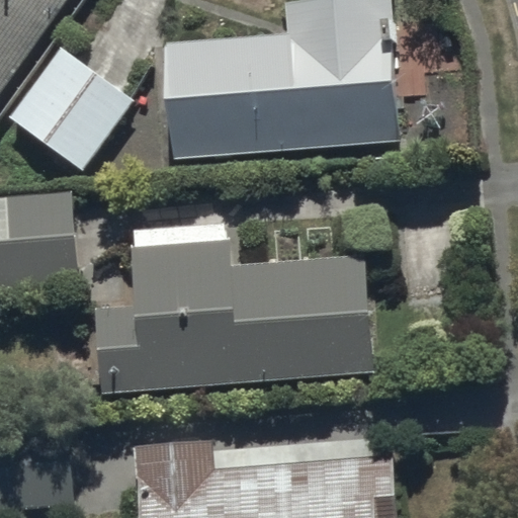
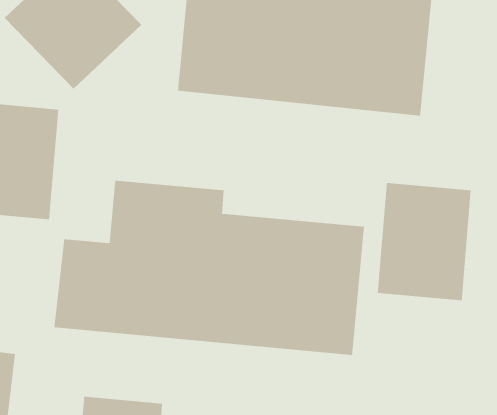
building: none -> [377,182,471,301]

